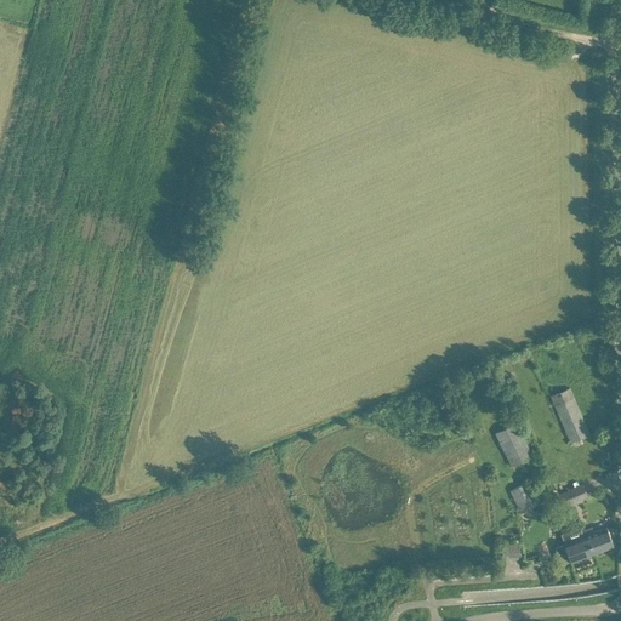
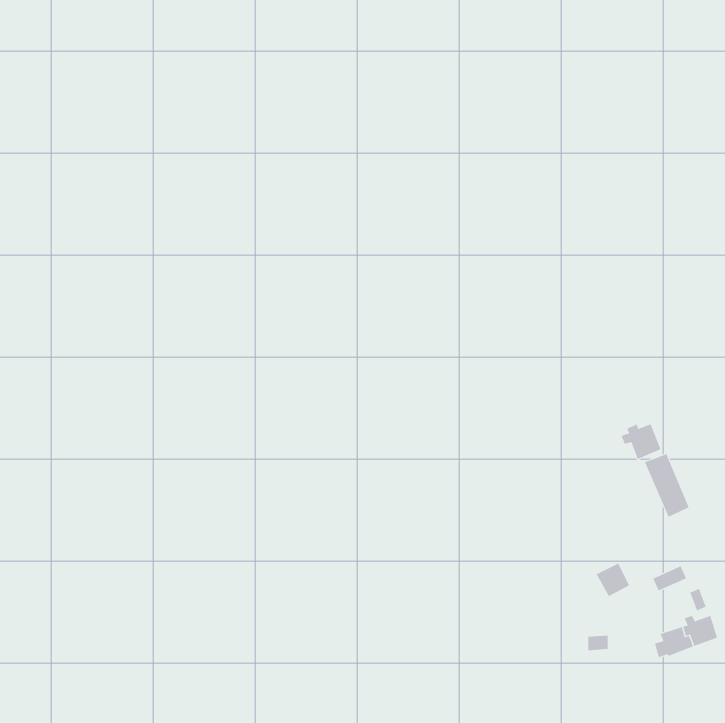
building: none -> [621,424,661,460]
building: [495,425,532,467] -> none

